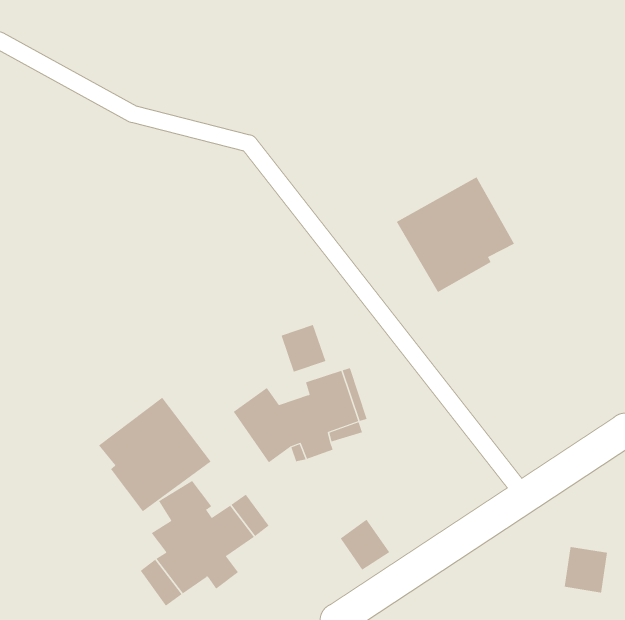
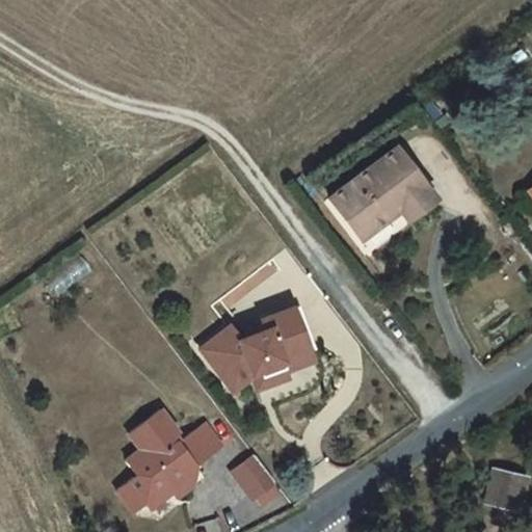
building: [281,324,326,372] -> none
building: [98,397,212,512] -> none
building: [340,519,390,570] -> [230,451,272,495]

